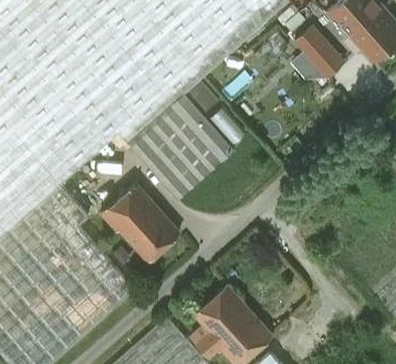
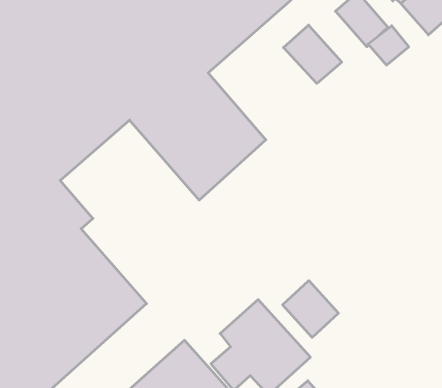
building: none -> [283,25,342,83]
building: [102,181,180,259] -> none
building: none -> [283,281,338,337]

